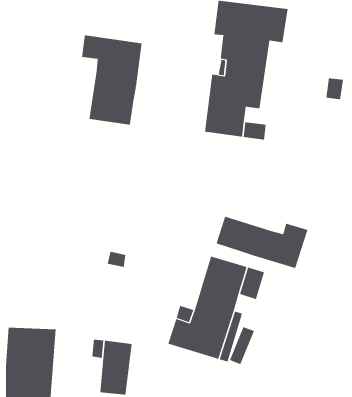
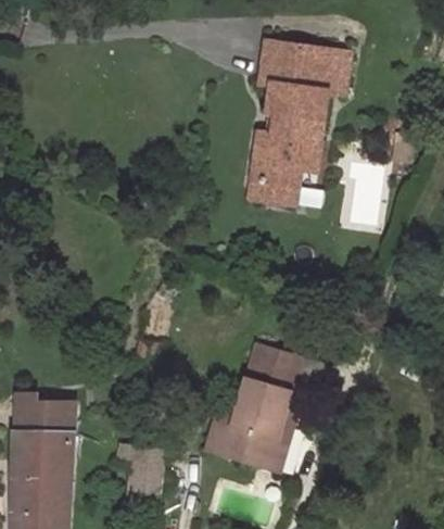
building: [81,34,142,126] -> none
building: [216,216,308,269] -> none
building: none -> [15,400,75,430]

